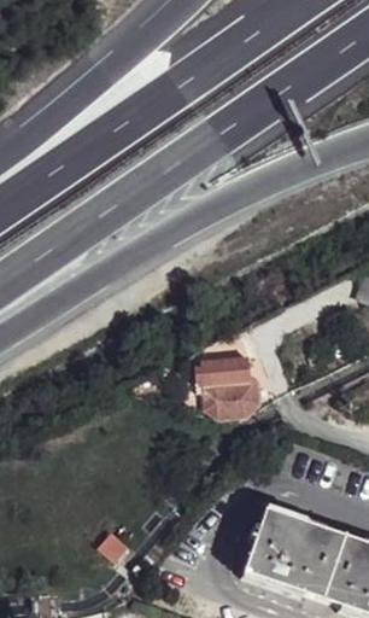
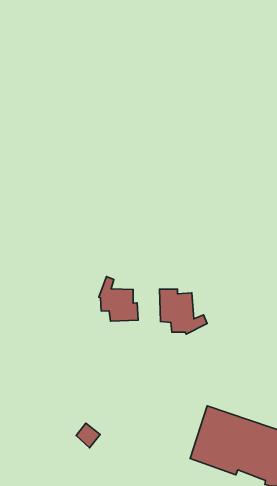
building: none -> [99,276,138,321]

